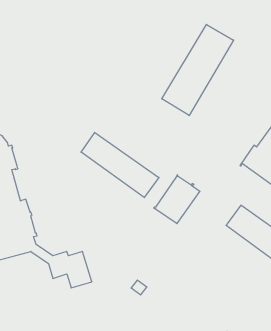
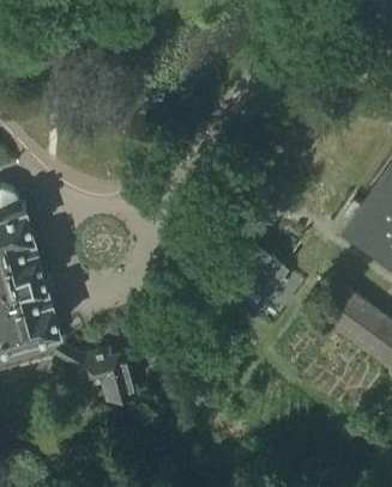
building: [162,24,234,116] -> none
building: [81,132,159,198] -> none

